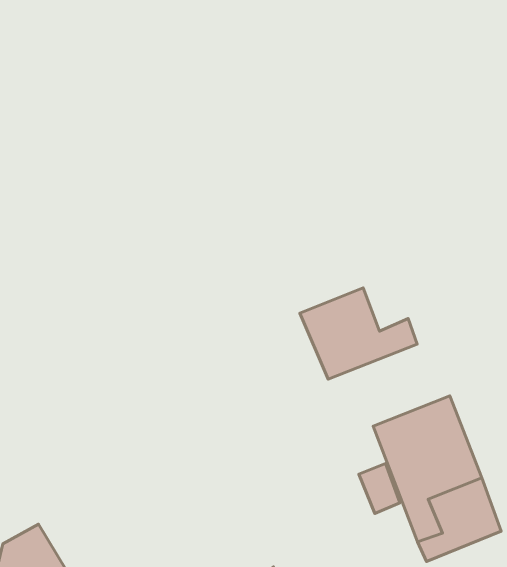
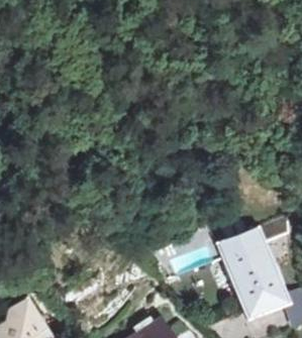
building: [300,288,417,379] -> none

